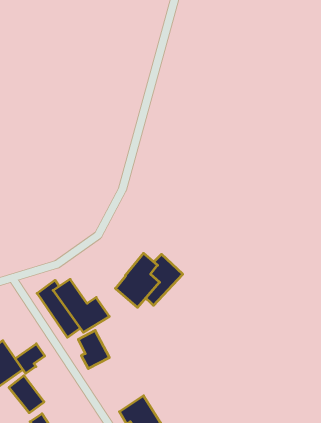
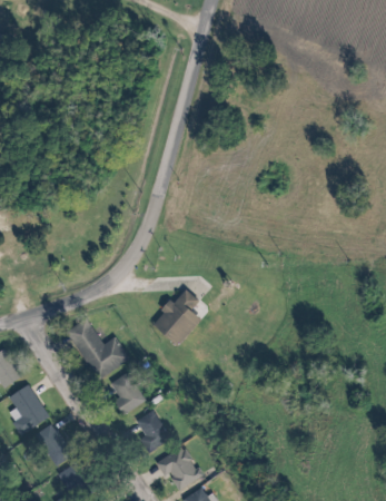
building: [15,344,45,373] -> none
building: none -> [136,411,169,451]

